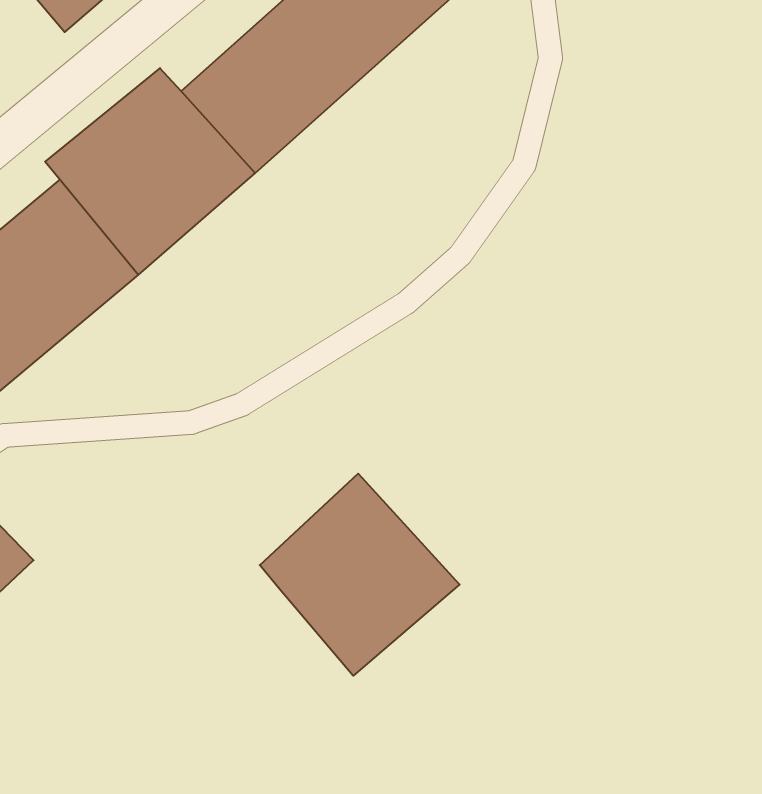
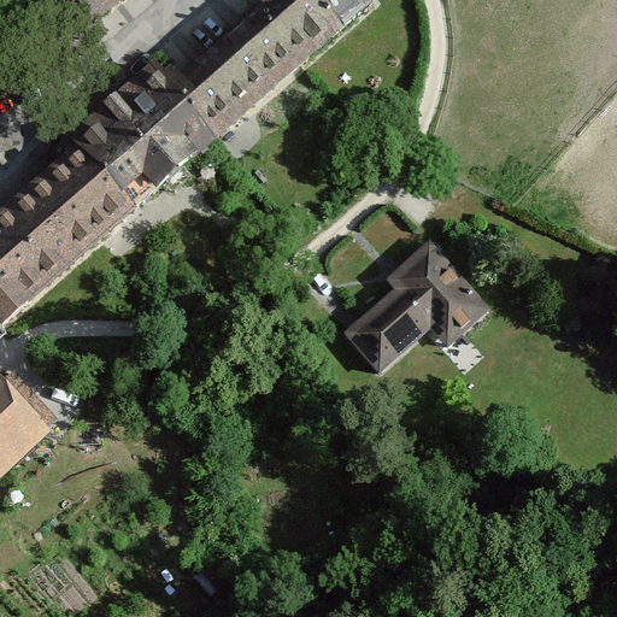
building: none -> [342,237,492,375]
building: [260,474,460,676] -> none

